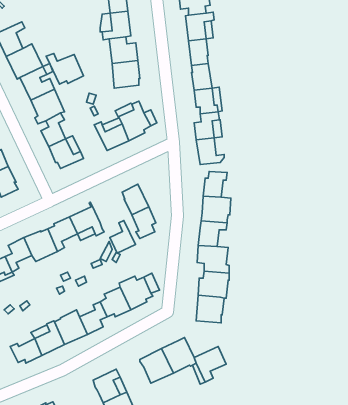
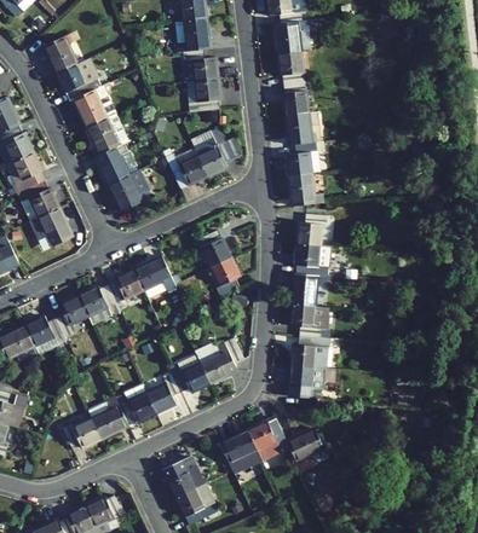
building: [46,54,84,84] -> none
building: [110,221,136,253] -> none

